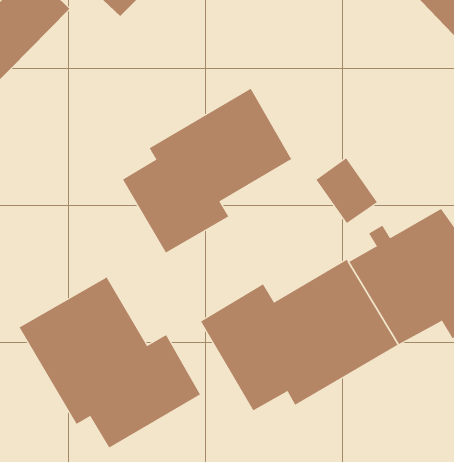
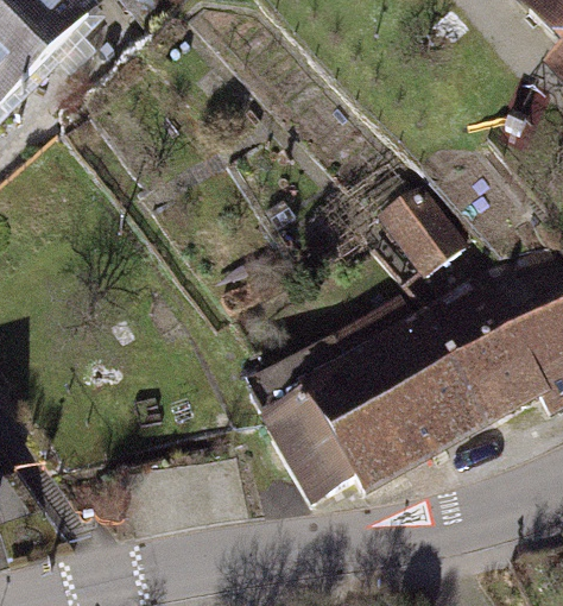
building: [122,88,293,254] -> none
building: [19,276,201,449] -> none

